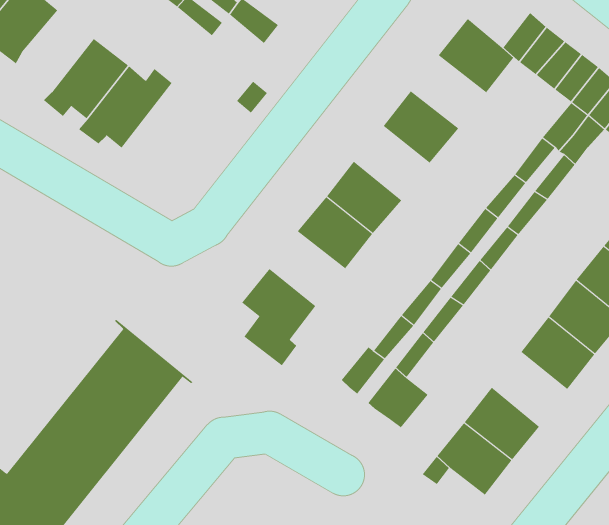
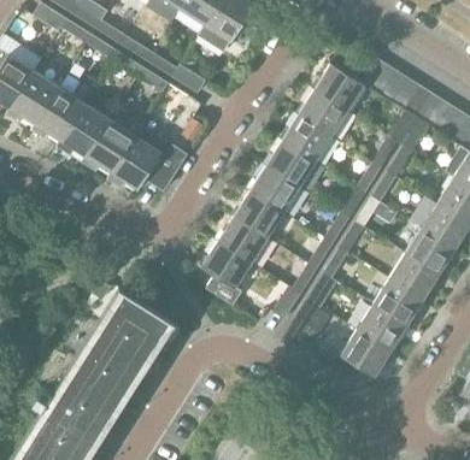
building: none -> [31,87,84,141]
building: none -> [298,89,348,136]
building: none -> [106,126,187,190]
building: none -> [265,140,316,188]
building: none -> [217,216,268,264]
building: none -> [372,279,423,328]

